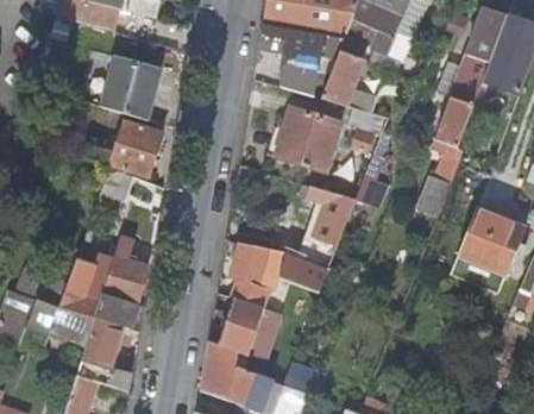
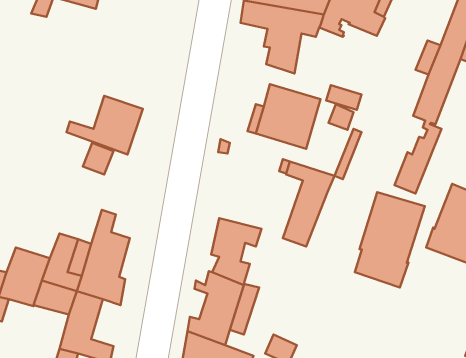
building: [320,50,364,106] -> none
building: [102,56,161,120] -> none
building: none -> [355,192,425,287]

